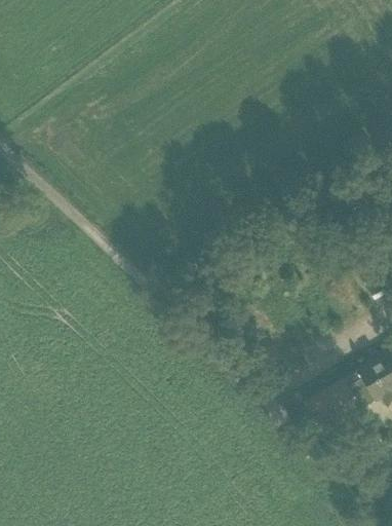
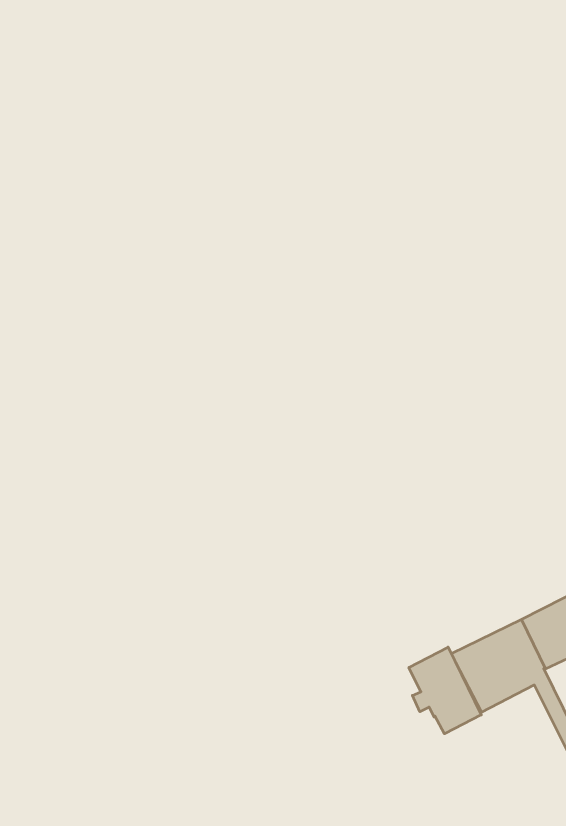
building: none -> [409,647,481,734]

